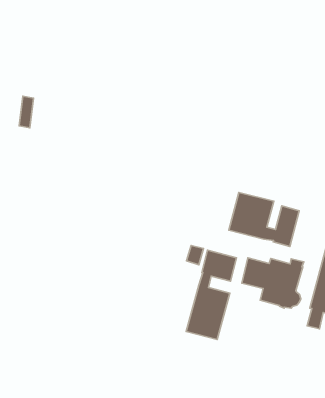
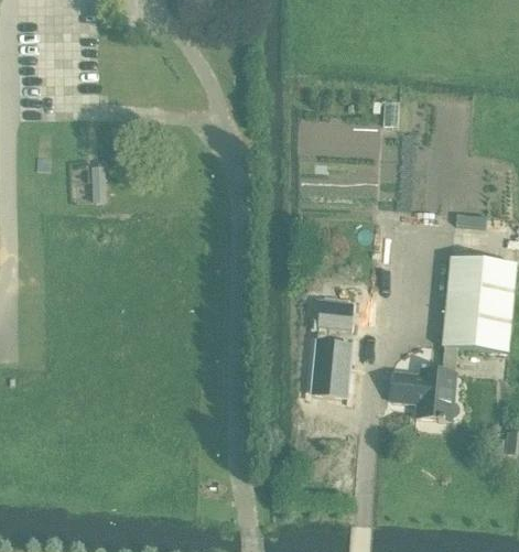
building: [229,192,299,246] -> none
building: [242,258,304,308] -> [392,364,459,419]

